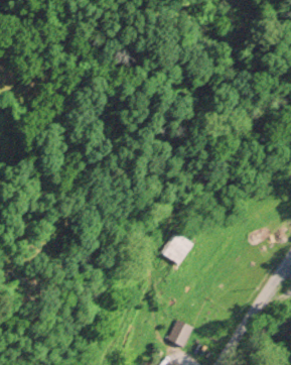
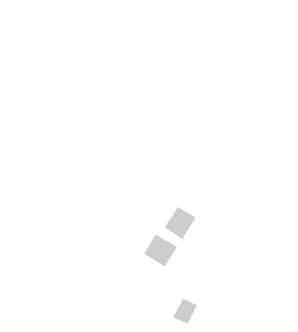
building: none -> [143,234,178,268]

